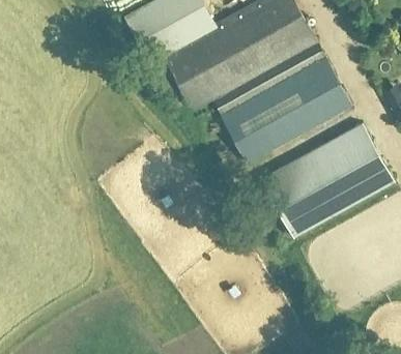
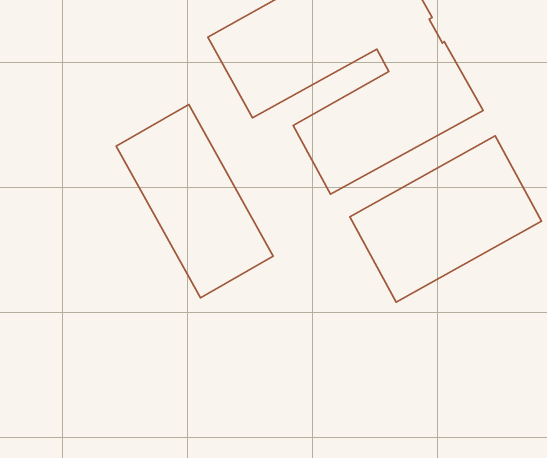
building: none -> [116,105,273,298]

